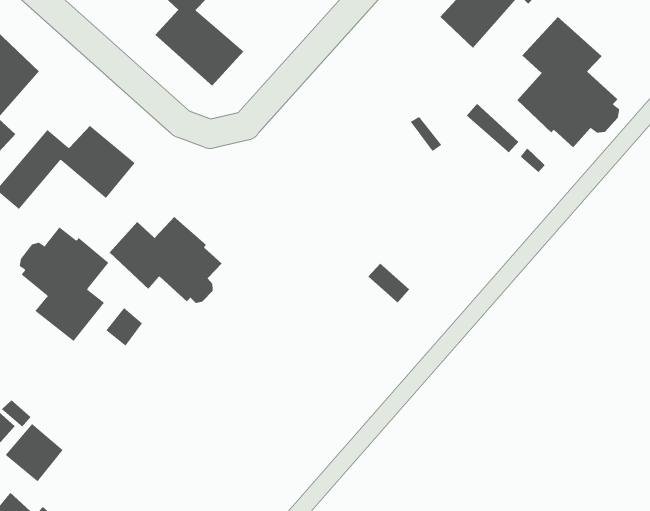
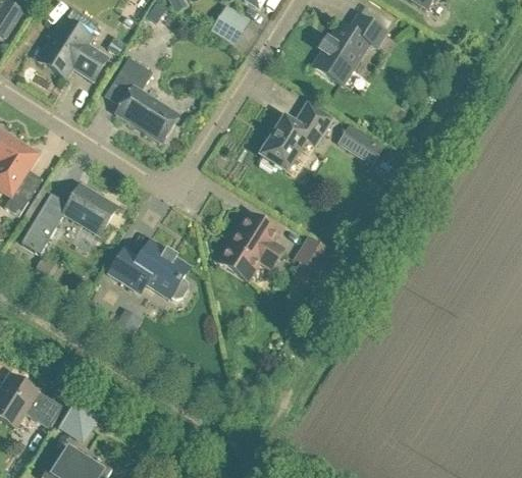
building: [516,16,620,148] -> none
building: none -> [259,102,331,171]
building: none -> [216,212,283,280]
building: [19,226,109,342] -> none

